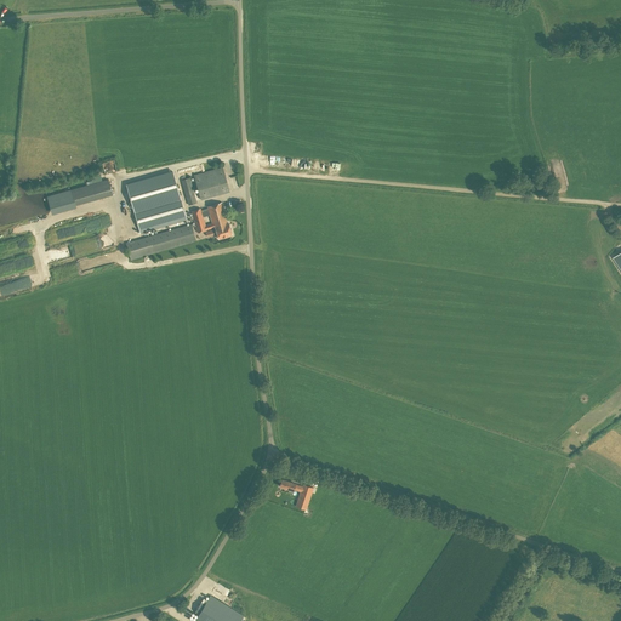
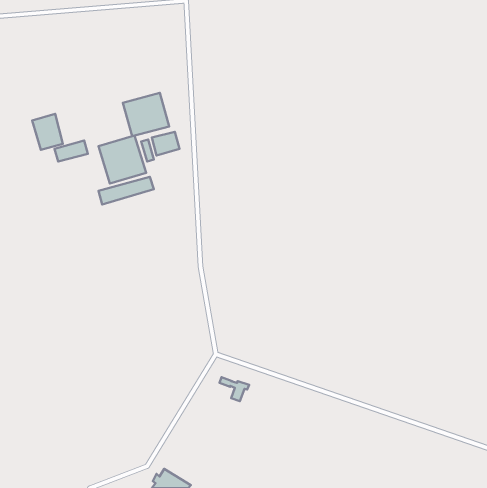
building: none -> [123,93,169,136]
building: none -> [32,114,63,150]
building: [189,203,230,239] -> none

